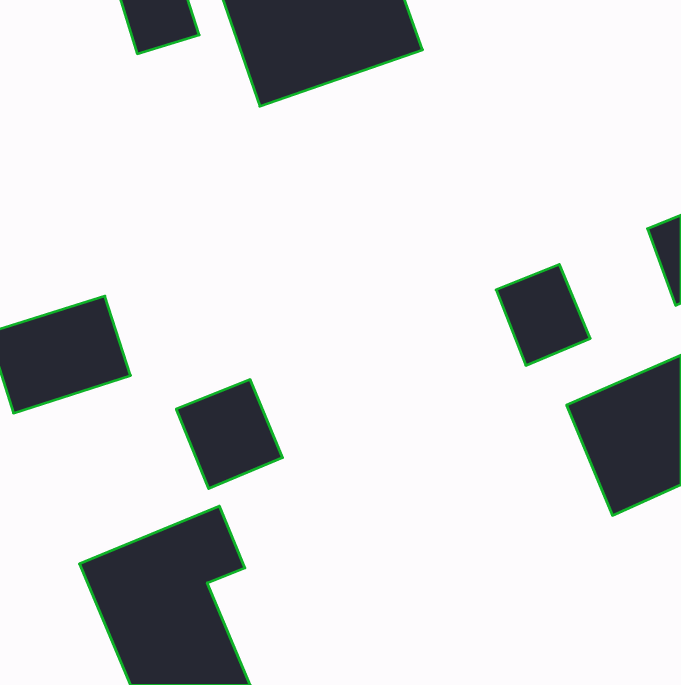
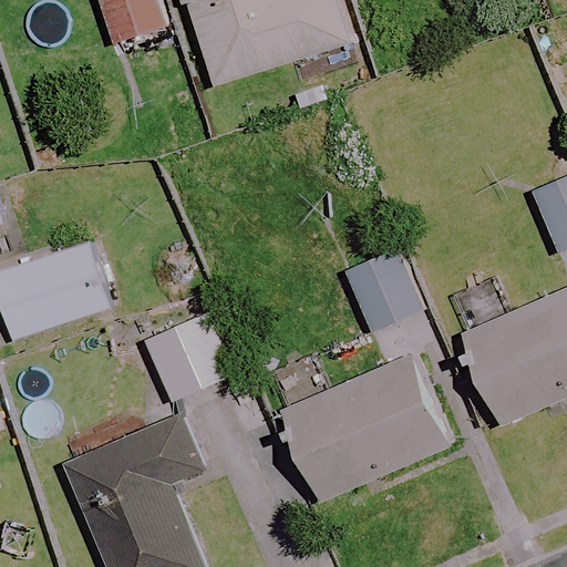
building: [496,264,590,365] -> [346,249,423,332]
building: none -> [284,352,455,501]

